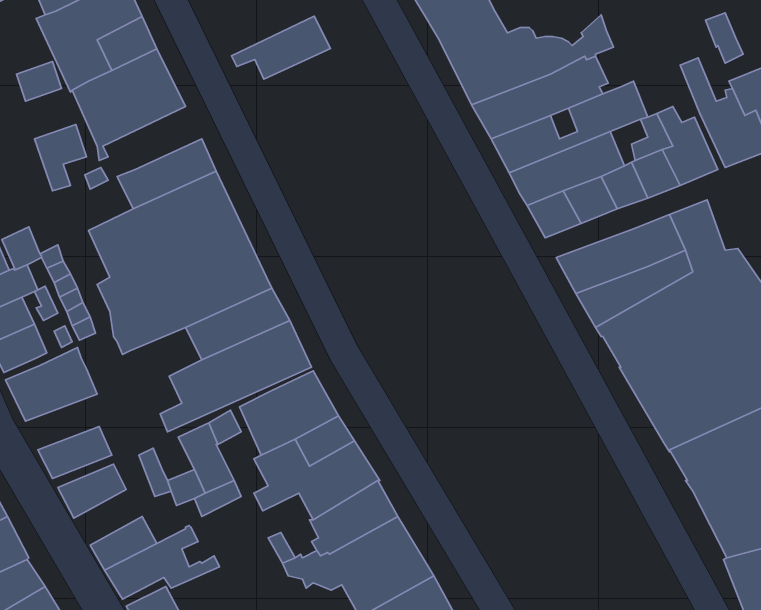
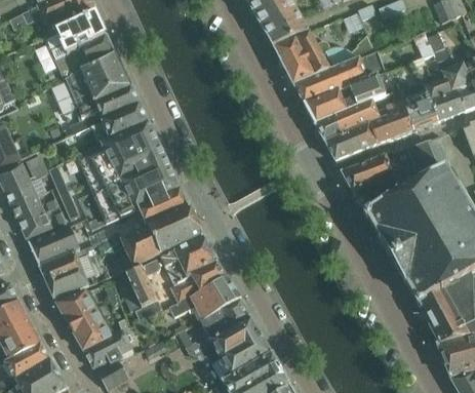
building: [232,16,331,79] -> [84,87,141,123]
building: none -> [40,249,88,283]
building: none -> [68,306,107,338]

